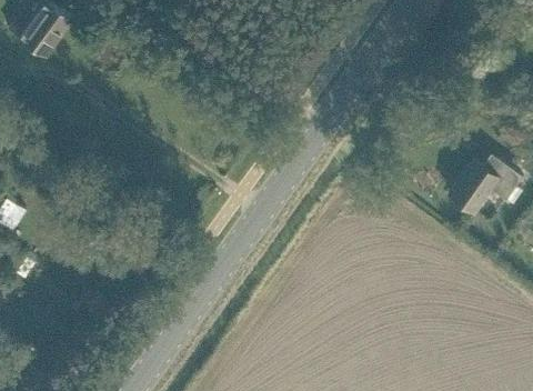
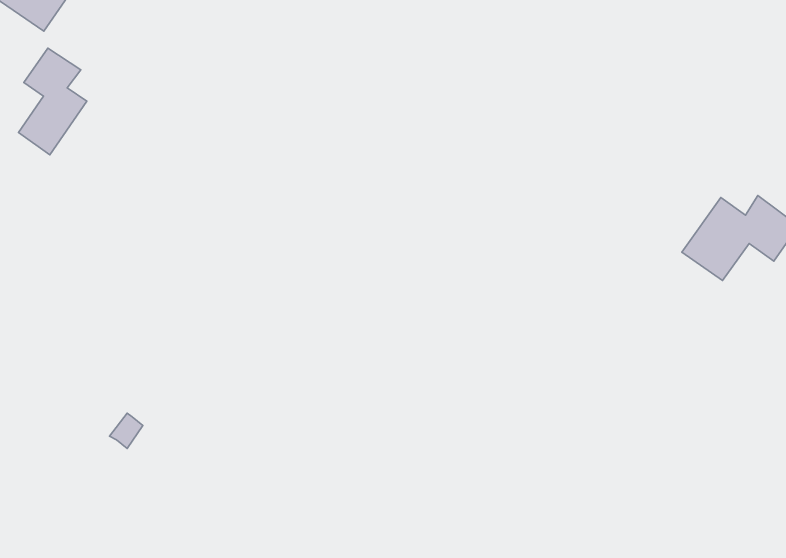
building: none -> [18,48,87,155]

